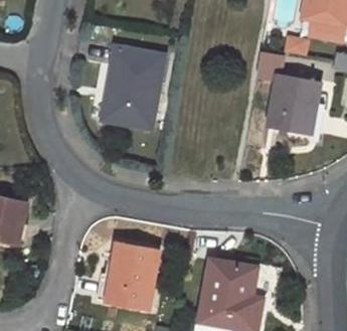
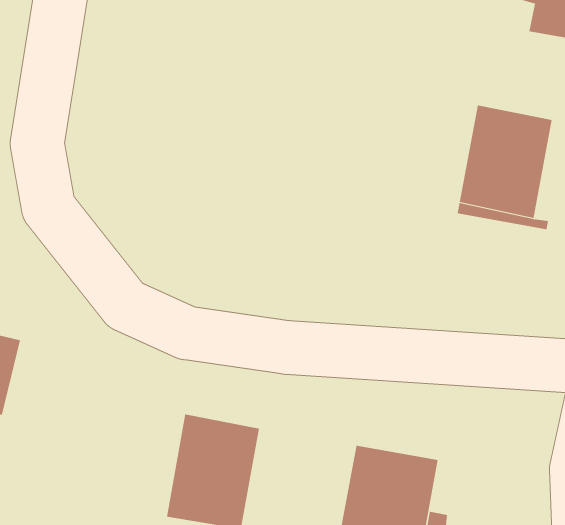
building: [103,47,164,128] -> none

